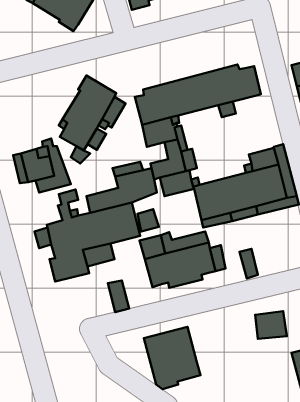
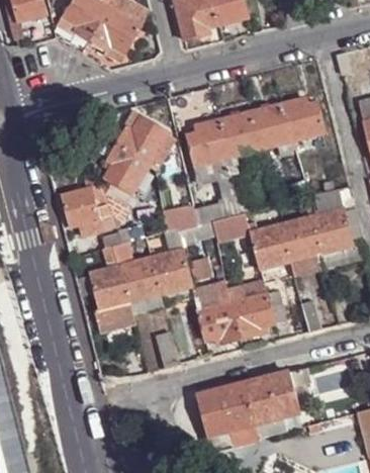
building: none -> [244,372,299,437]

